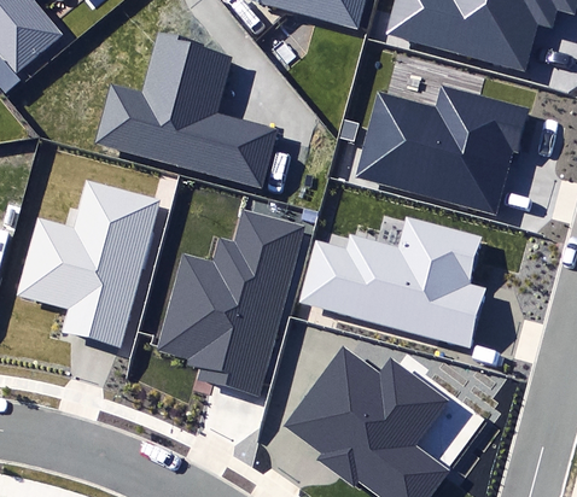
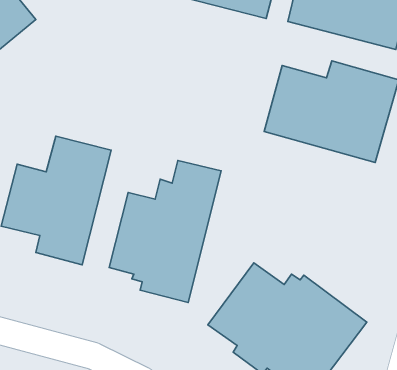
building: [92,33,279,189] -> none
building: [299,216,485,346] -> none

